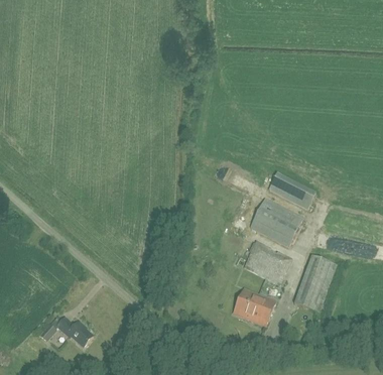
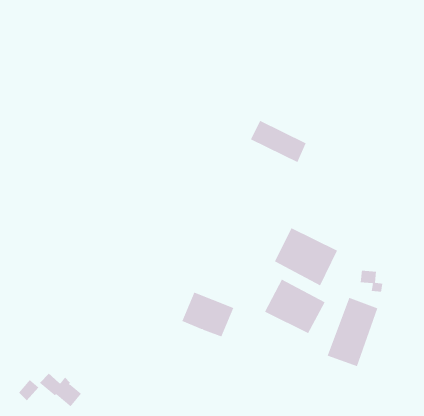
building: [267,173,313,209] -> [250,120,306,163]
building: [231,288,274,326] -> [181,292,234,337]

